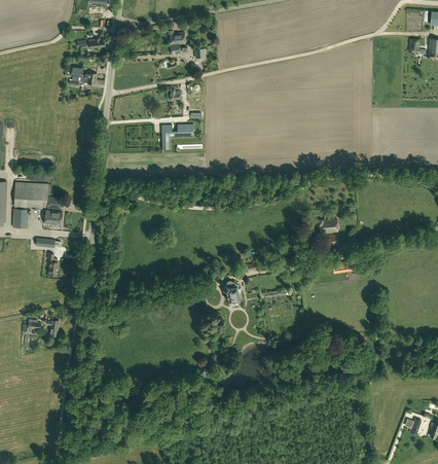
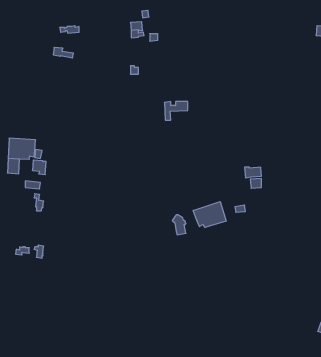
building: [161,124,191,148] -> [164,102,188,120]
building: none -> [193,202,226,228]

